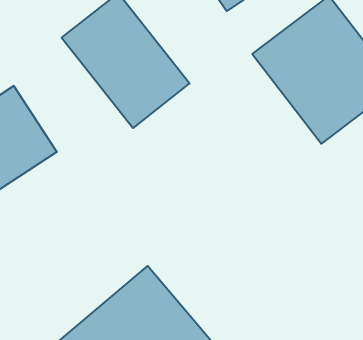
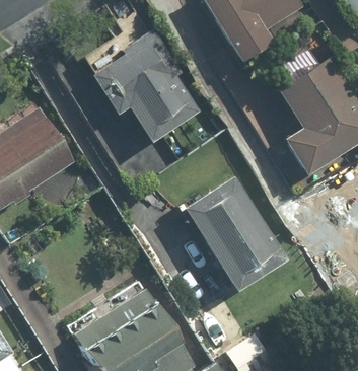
building: none -> [185,174,292,294]

